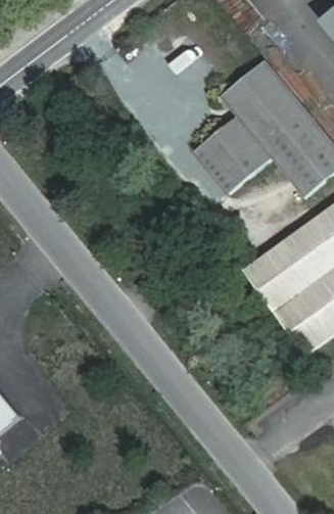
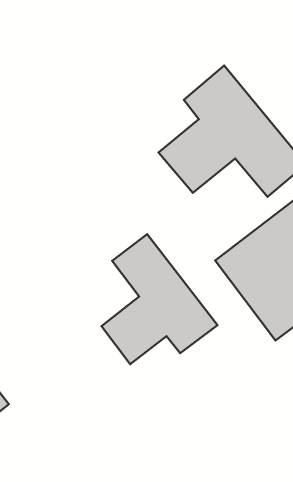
building: none -> [102,234,217,364]

